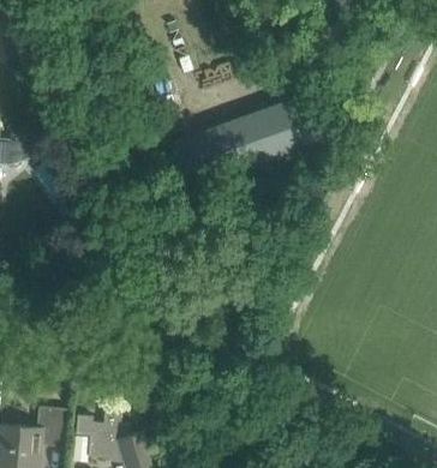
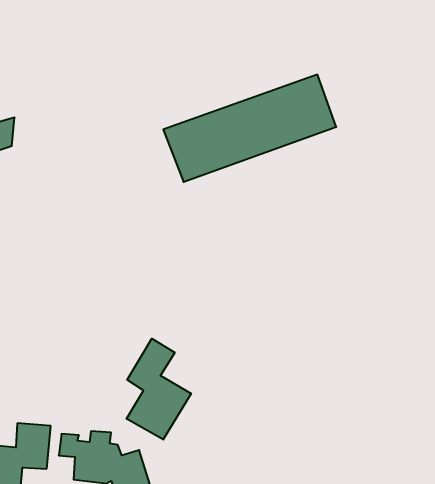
building: none -> [127,339,191,440]

